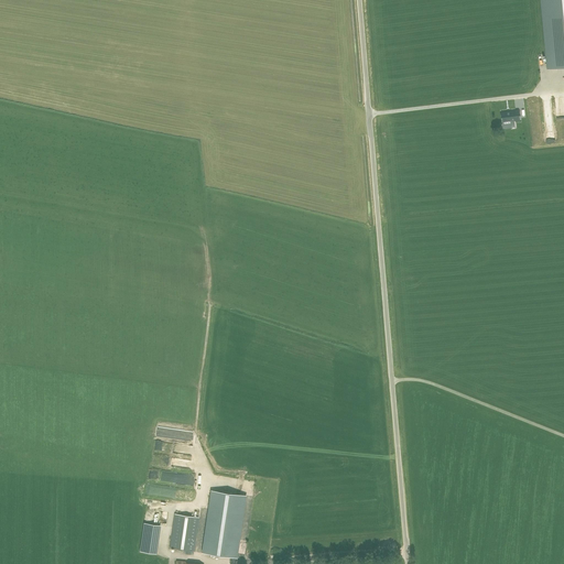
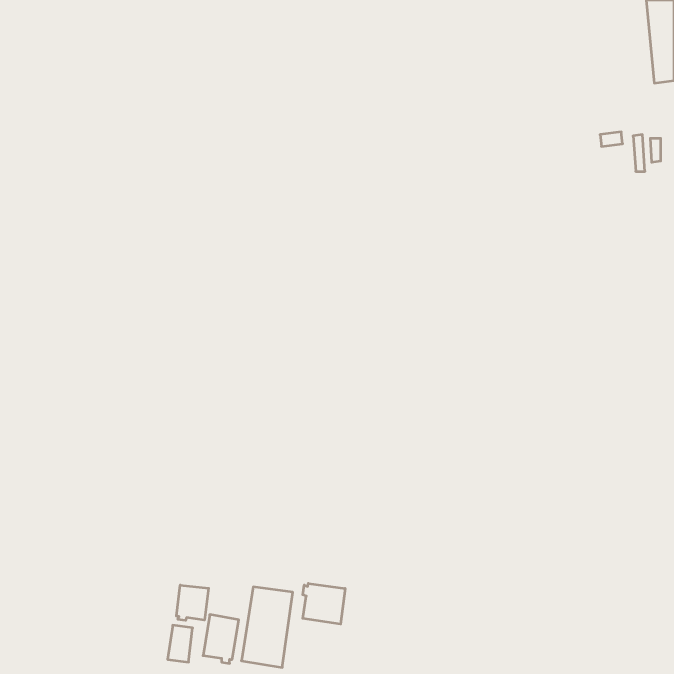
building: none -> [303,583,345,624]
building: none -> [176,585,209,620]

